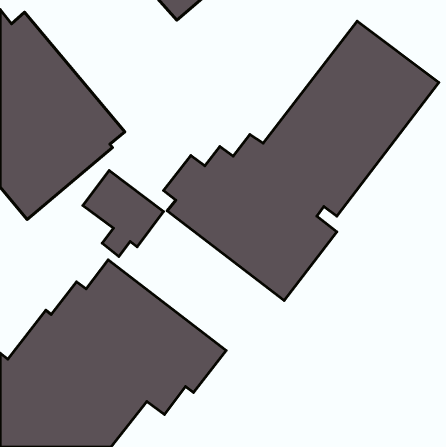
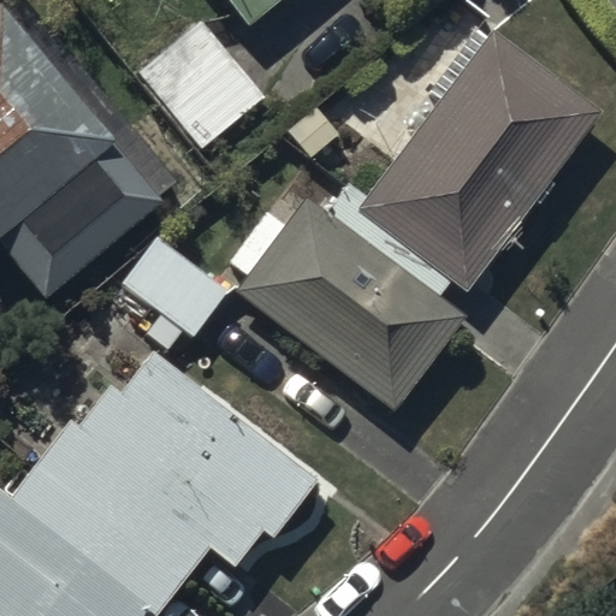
building: none -> [136,19,262,148]

